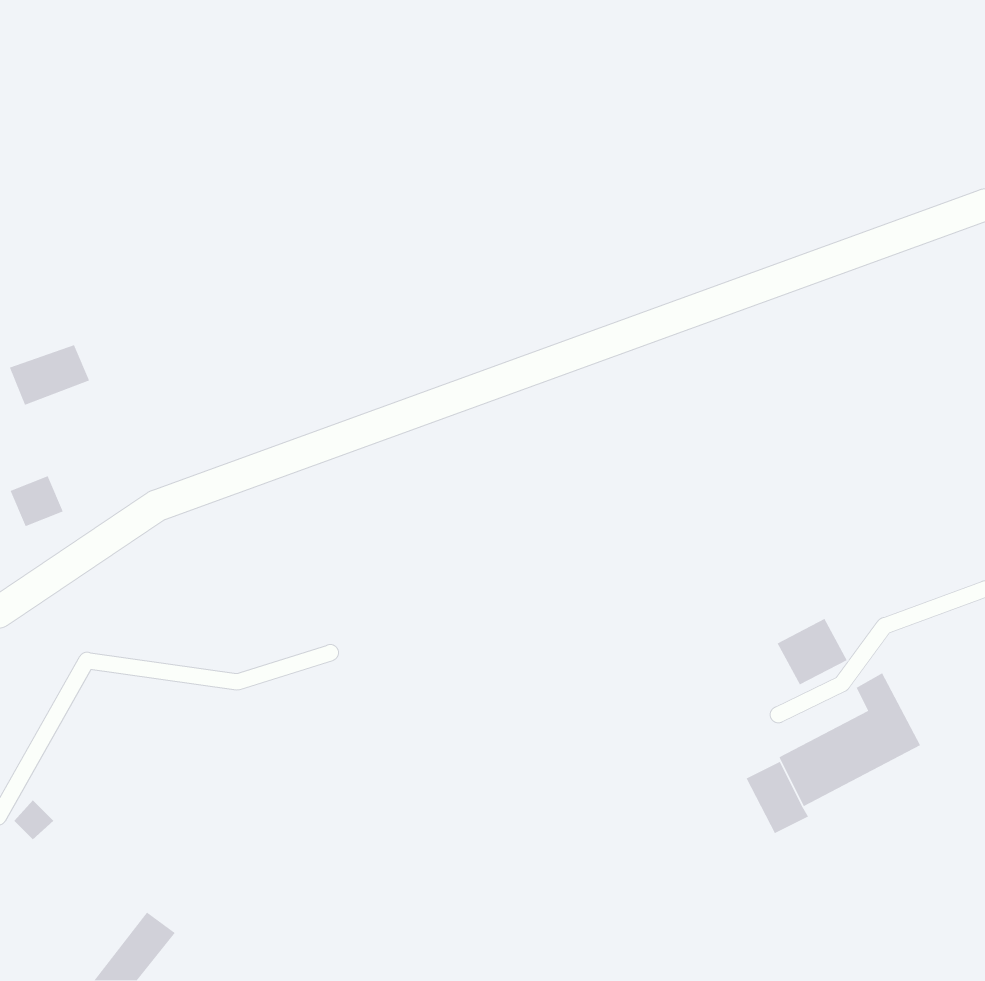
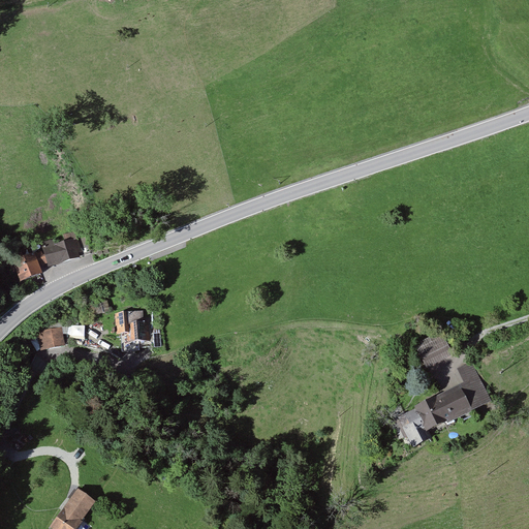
building: [9,344,90,406] -> [32,236,75,269]
building: none -> [118,314,146,339]
building: none -> [35,328,63,352]

